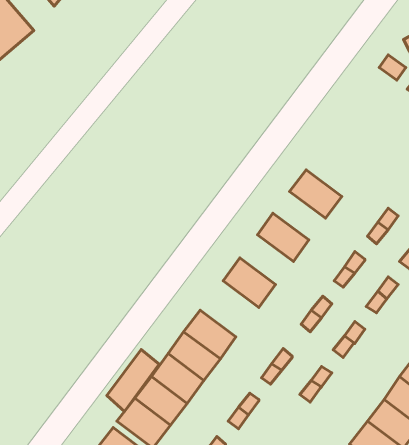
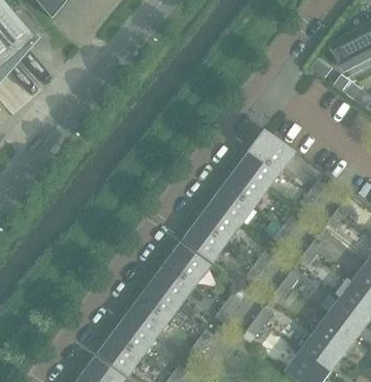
building: none -> [251,129,294,170]
building: none -> [224,166,266,205]
building: none -> [197,201,240,241]
building: none -> [165,243,209,283]
building: [107,350,159,411] -> none

